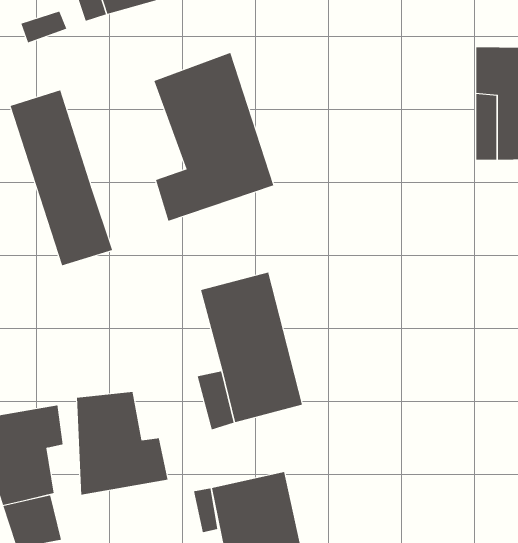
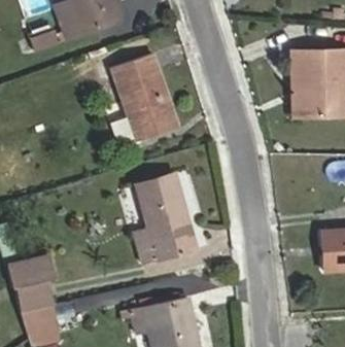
building: [10,90,113,266] -> none
building: [76,391,168,495] -> none

